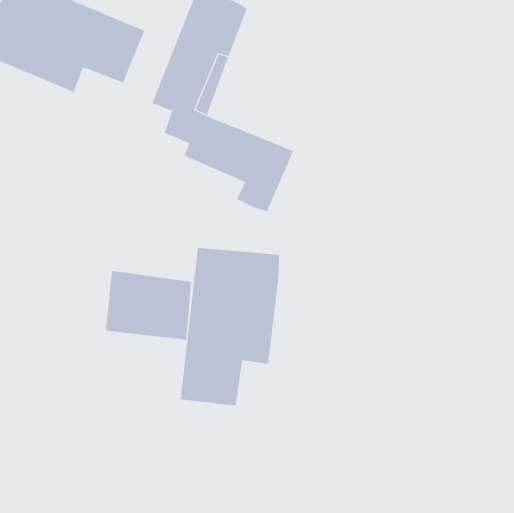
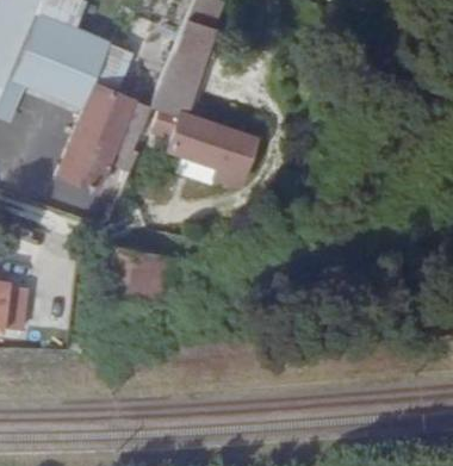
building: none -> [57,87,134,192]
building: [180,247,279,406] -> none

